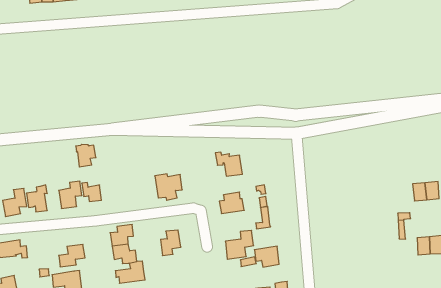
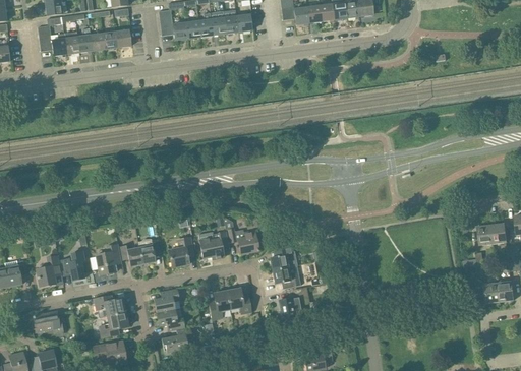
building: [76,144,96,167] -> [138,239,161,263]
building: [215,152,242,176] -> [229,228,259,253]
building: none -> [169,237,194,267]
building: none -> [96,294,126,315]
building: none -> [228,288,252,313]
building: [254,246,279,267] -> [274,265,301,289]

